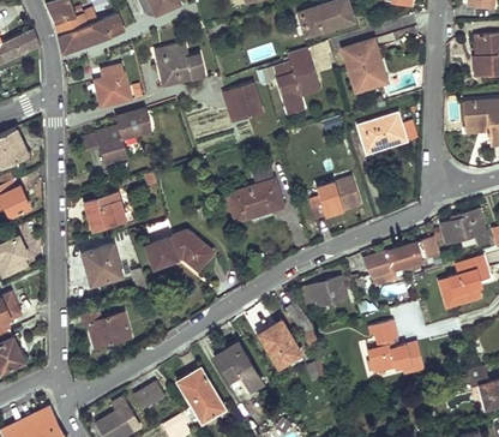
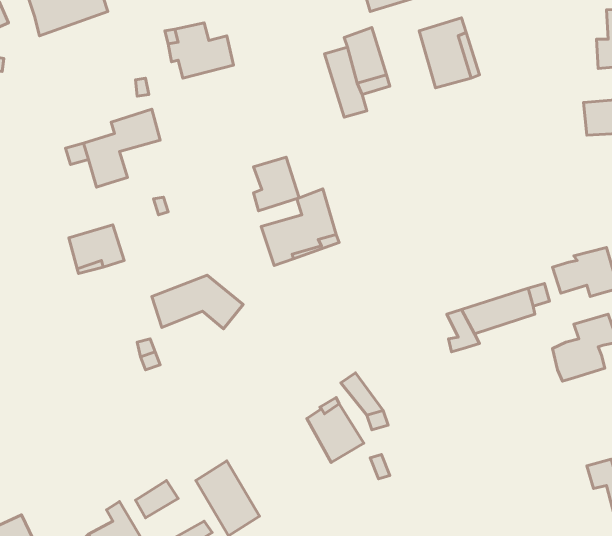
building: [98,66,131,107] -> none
building: [228,84,261,124] -> [254,157,299,211]
building: [356,114,417,155] -> none
building: [308,178,360,220] -> none
building: [82,244,121,283] -> none
building: [303,277,347,307] -> none
building: [80,311,131,347] -> none
building: [367,321,425,373] -> none
building: [214,343,261,390] -> none

